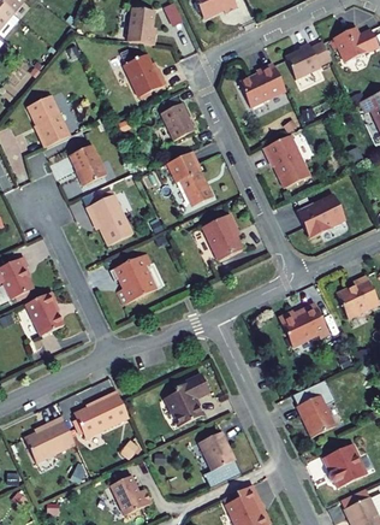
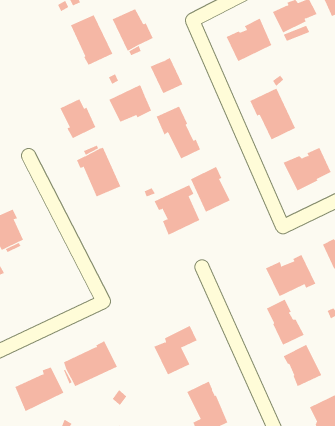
building: [26,95,70,147] -> [70,15,113,66]
building: none -> [109,84,152,122]
building: [109,253,156,305] -> [154,184,200,236]
building: [25,291,64,336] -> none
building: none -> [266,299,304,346]

